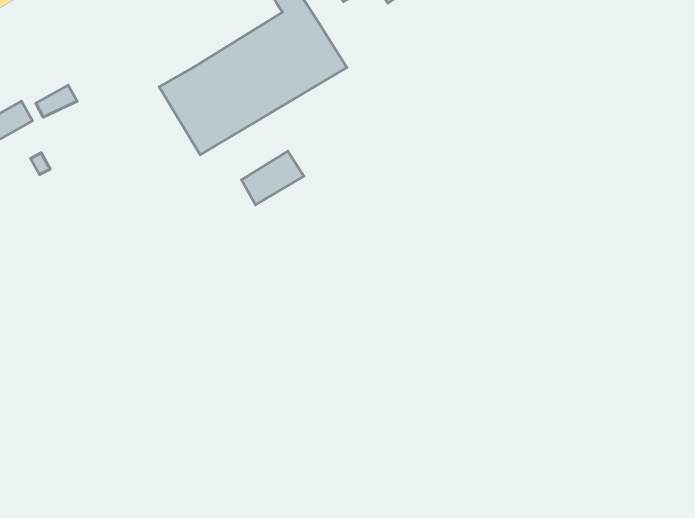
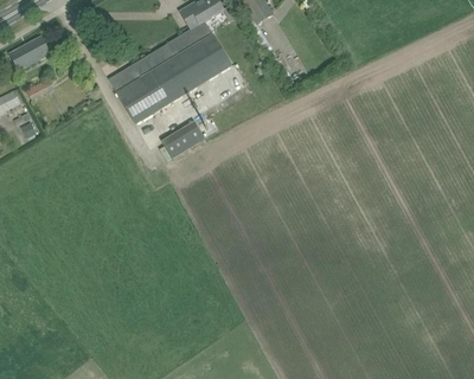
building: none -> [9,36,50,70]

